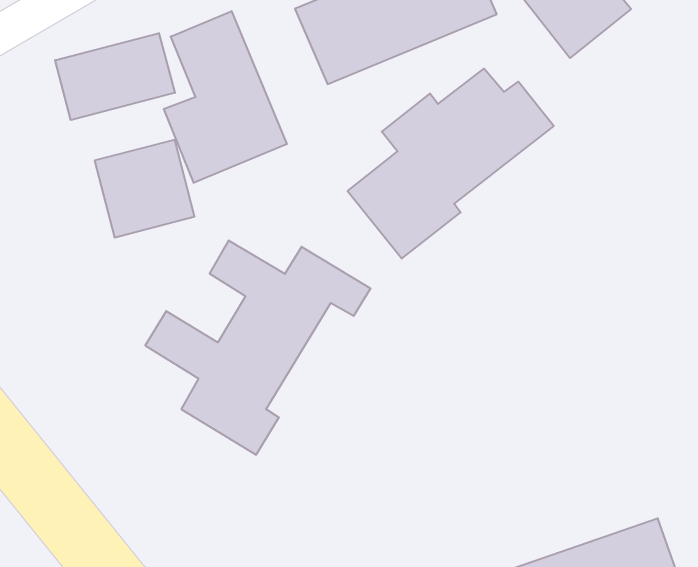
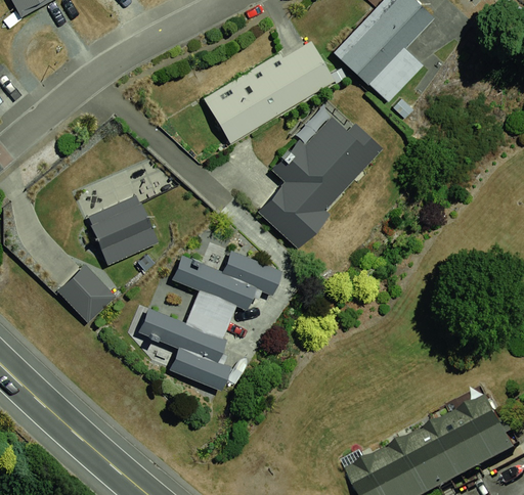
building: [164,11,287,183] -> none
building: [55,33,175,120] -> none
building: none -> [56,264,115,322]

